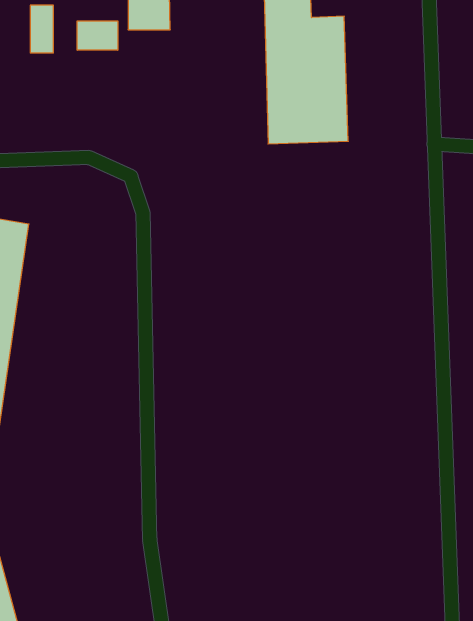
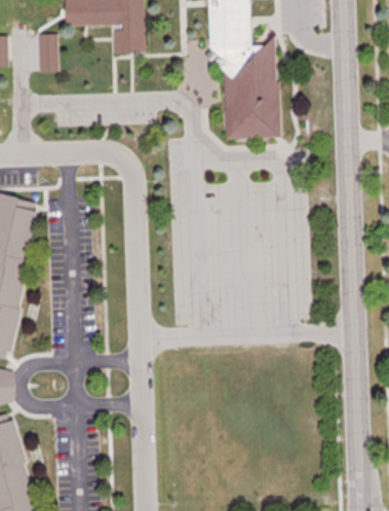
building: [77,21,118,50] -> none

